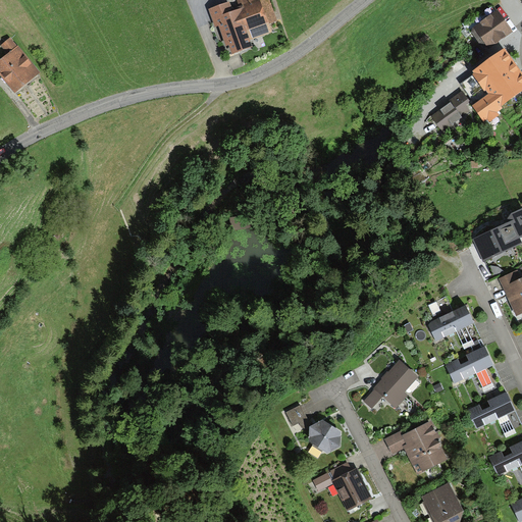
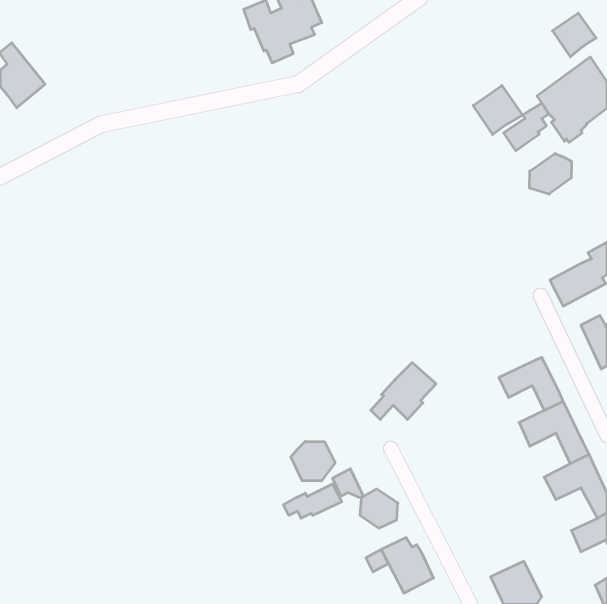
building: none -> [473,85,523,135]
building: none -> [530,153,571,194]
building: [364,360,420,409] -> [371,363,436,420]
building: none -> [291,441,335,481]
building: none -> [283,484,342,518]
building: [384,420,448,475] -> none

